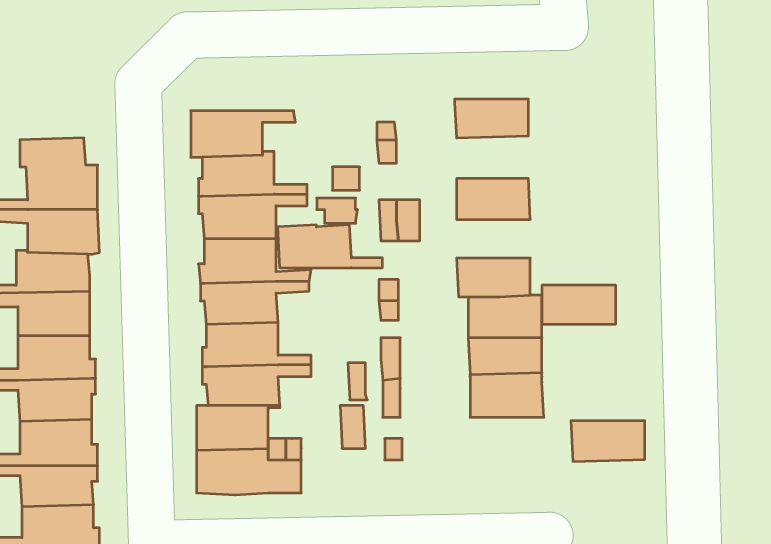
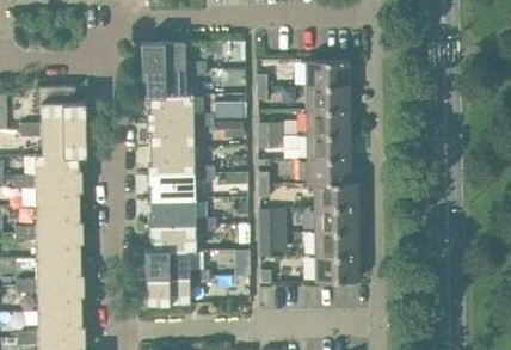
building: none -> [306,85,350,111]
building: [278,225,382,268] -> [141,43,205,69]
building: [542,285,616,324] -> [306,136,351,160]
building: [571,421,645,461] -> [314,258,359,283]

